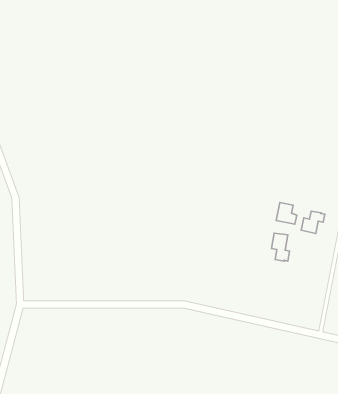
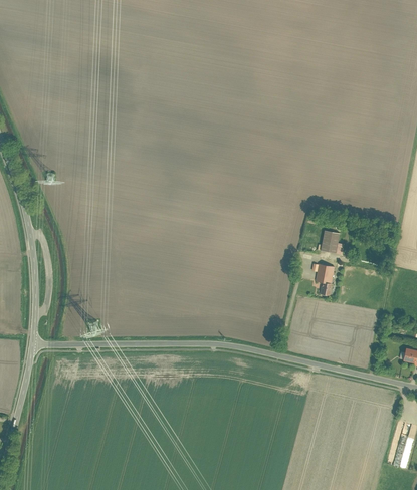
building: [301,211,325,233] -> none

